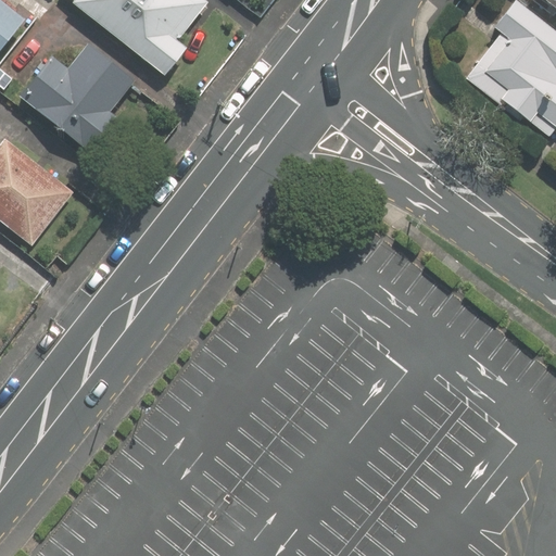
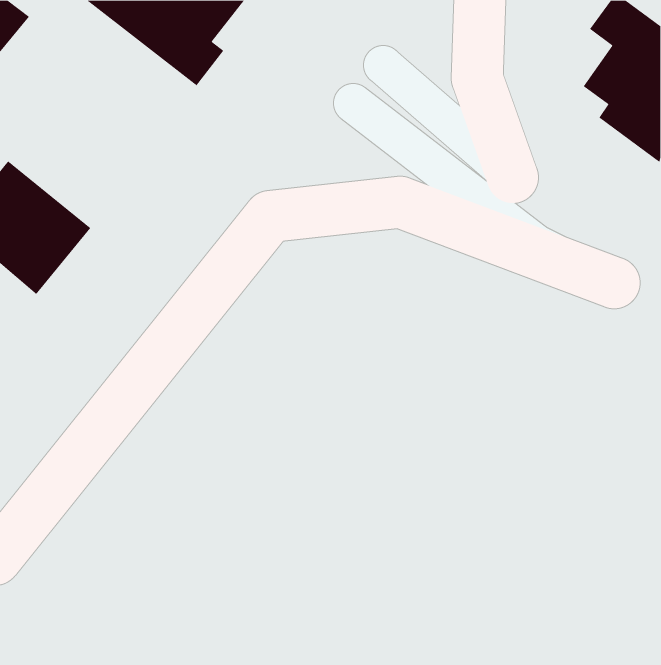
building: [18,38,137,150] -> none

